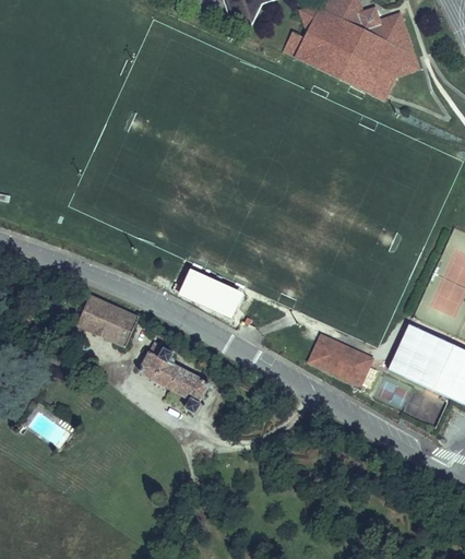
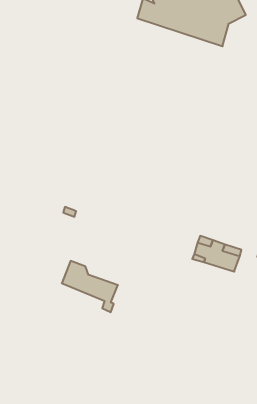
building: [171,270,232,316] -> none
building: [79,292,143,344] -> none

